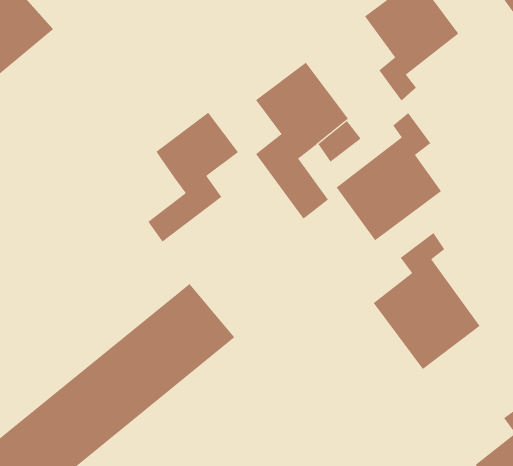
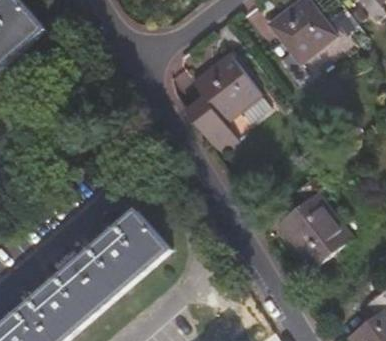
building: [148,112,239,243] -> none
building: [336,112,442,241] -> none

